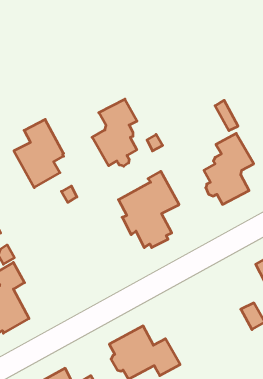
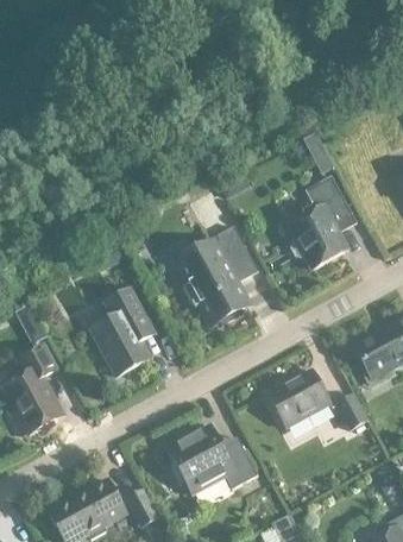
building: [92,99,137,166] -> none
building: [14,119,64,188] -> [90,288,155,376]
building: none -> [267,368,333,427]

